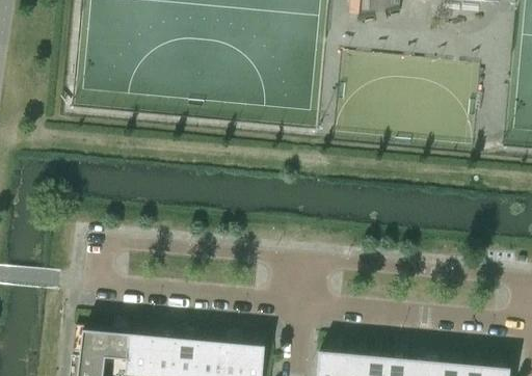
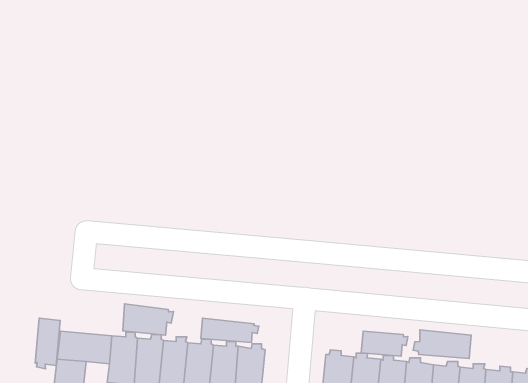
building: none -> [123,304,174,335]
building: none -> [35,318,60,369]
building: none -> [201,318,259,343]
building: none -> [413,330,471,359]
building: none -> [361,331,408,356]

